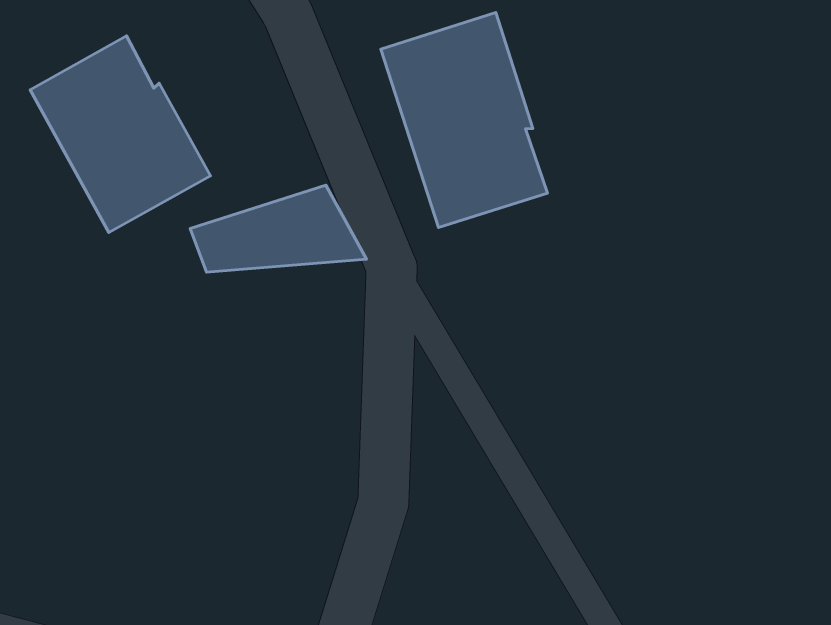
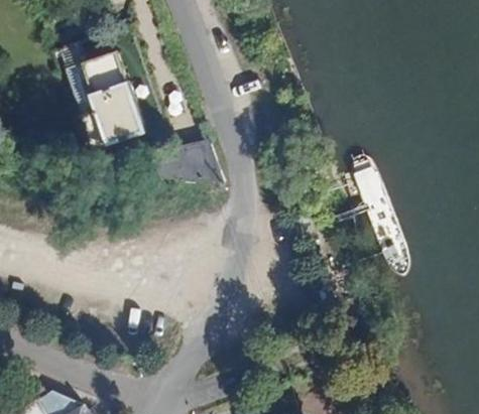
building: [381,13,547,227] -> none

